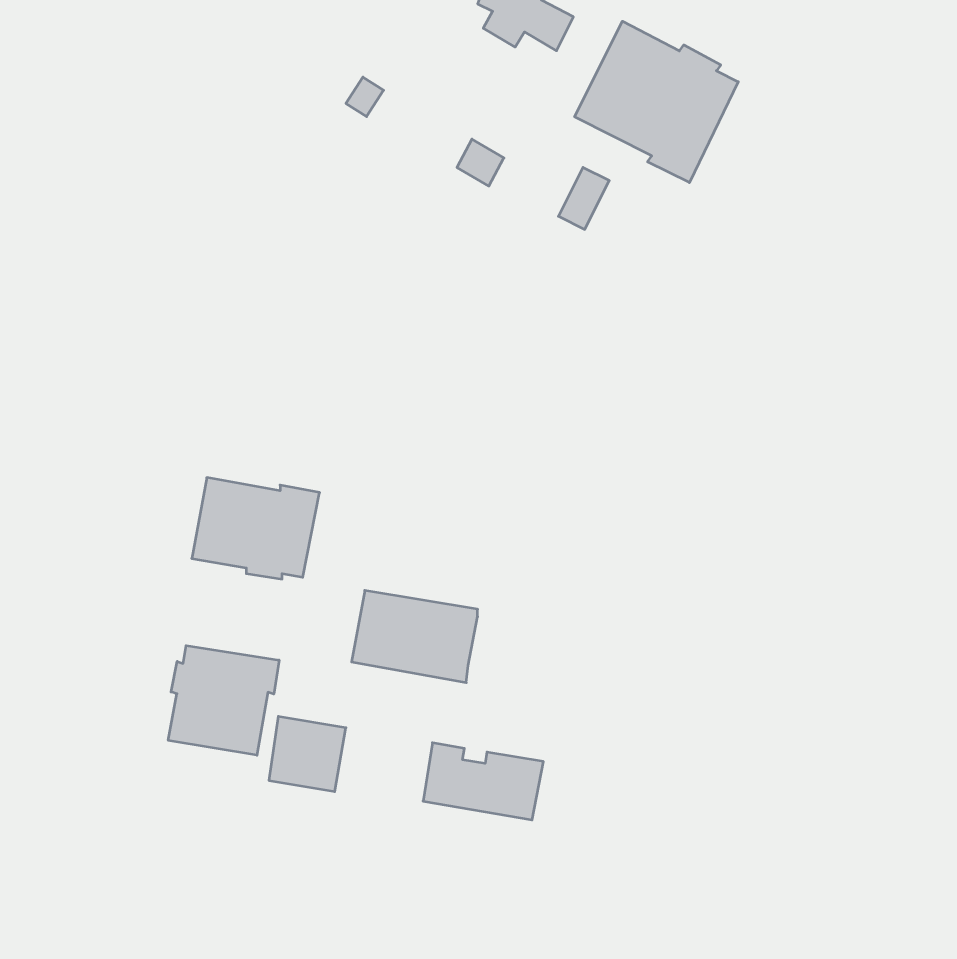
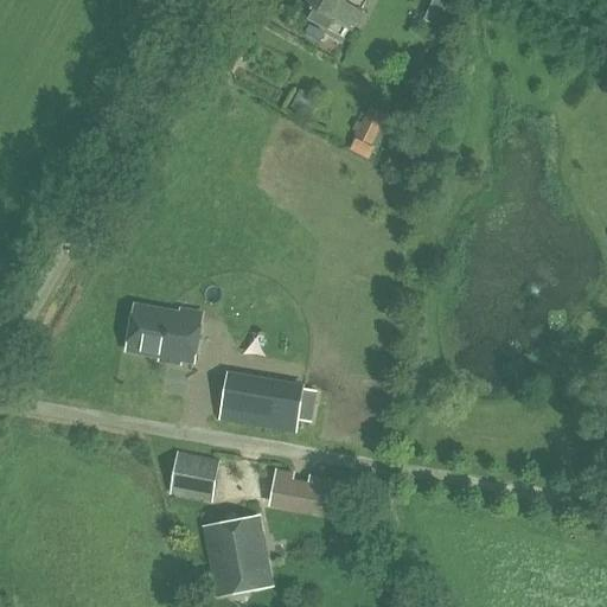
building: [575,21,738,183] -> none
building: [168,646,279,755] -> none
building: none -> [206,515,271,594]

